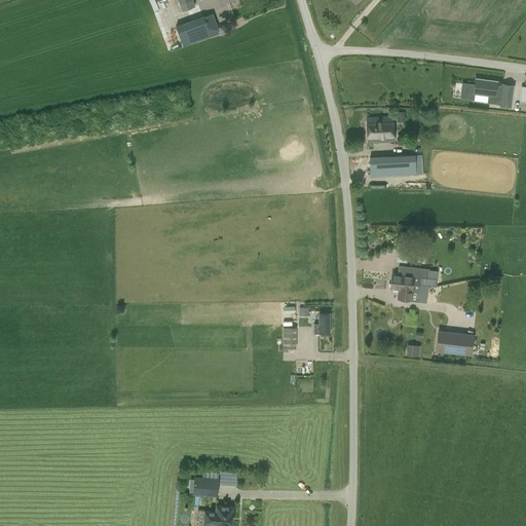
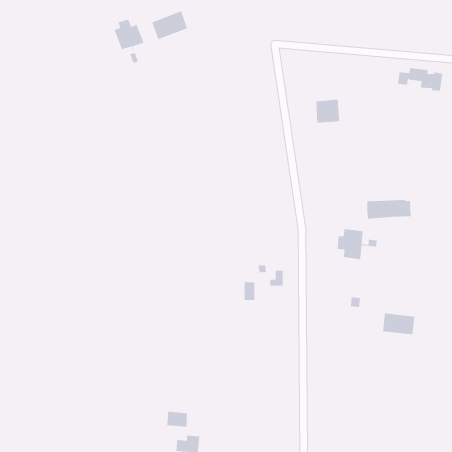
building: none -> [114,19,144,64]
building: [371,155,423,178] -> [366,200,412,219]
building: [437,331,475,356] -> [382,313,415,335]

